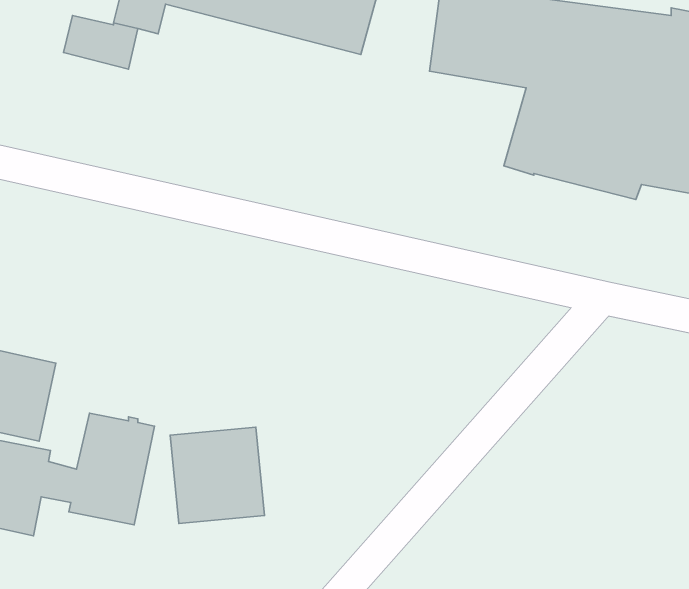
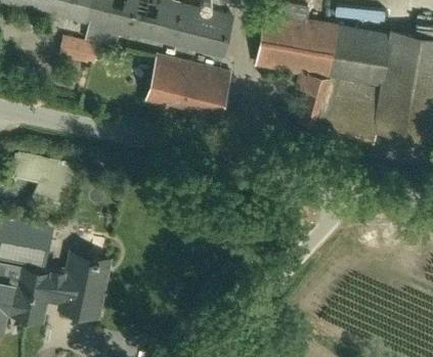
building: none -> [146,54,230,120]
building: [170,427,264,524] -> none

